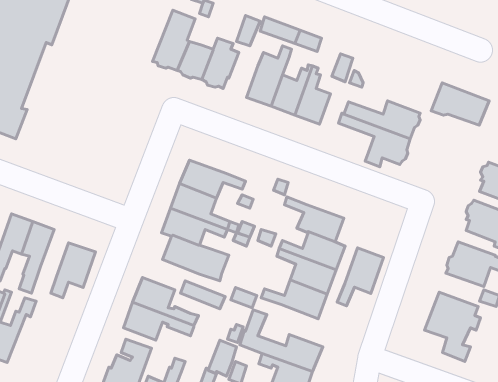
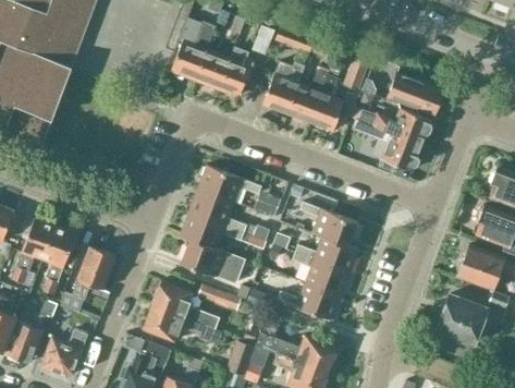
building: [431,83,489,125] -> [387,72,443,113]
building: [337,248,383,306] -> none
building: none -> [40,311,93,377]

